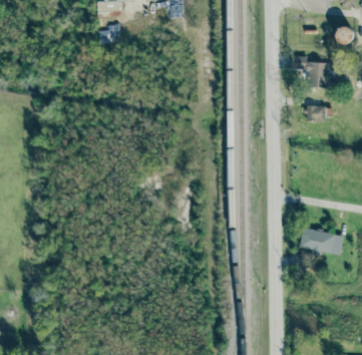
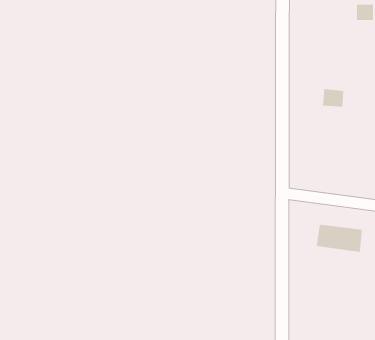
building: [306,61,328,87] -> none

